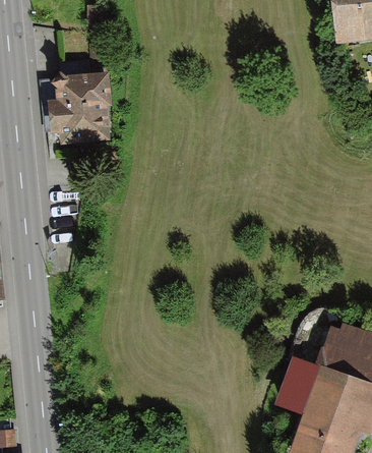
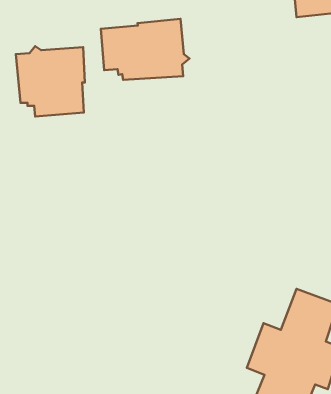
building: none -> [101,19,190,80]

